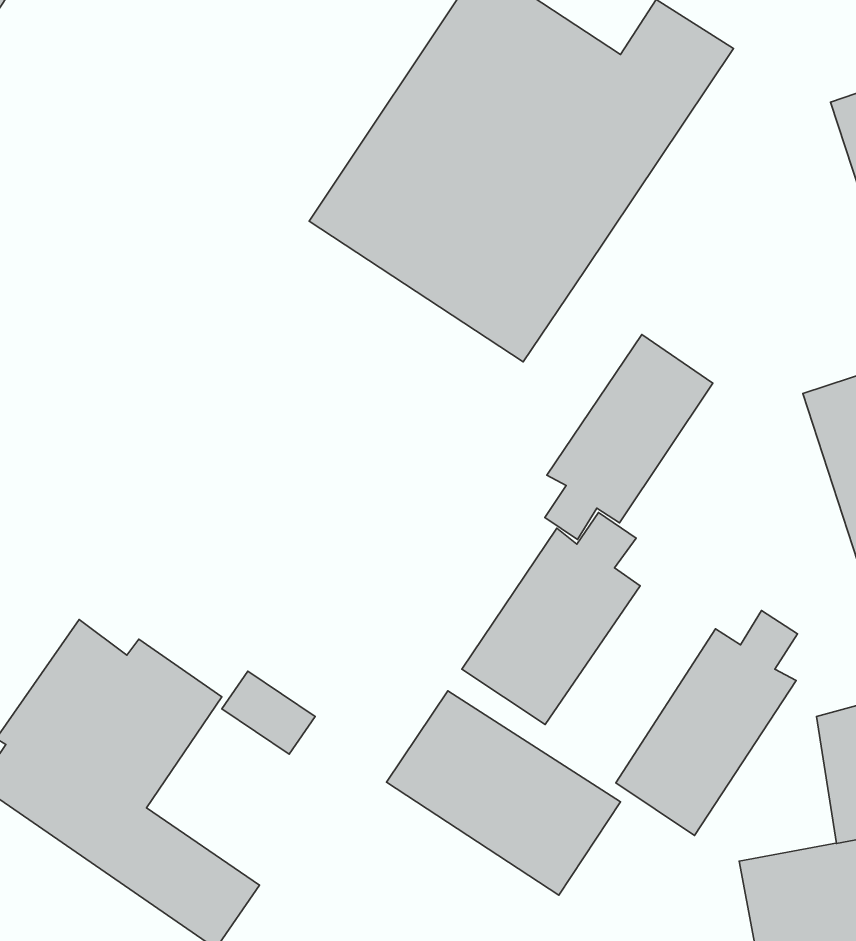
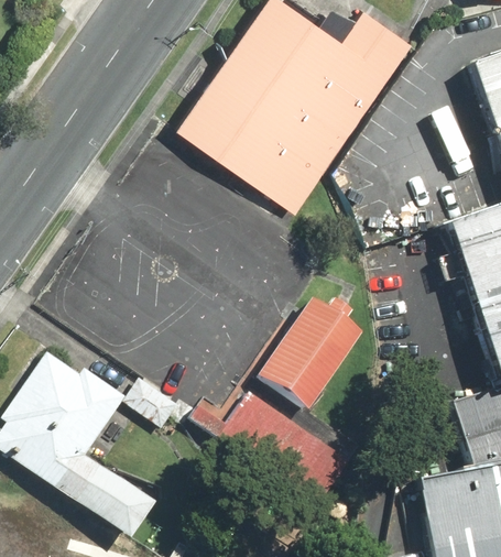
building: [545,335,713,539] -> none
building: [616,611,798,835] -> none

